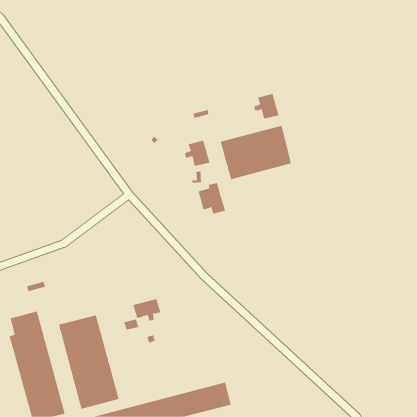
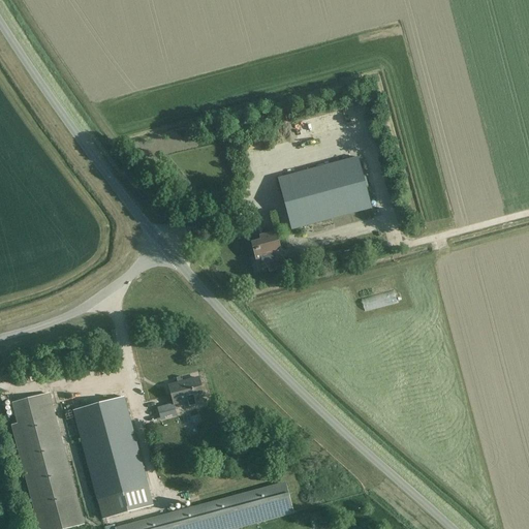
building: [254,93,279,120] -> none
building: [184,140,210,167] -> none

